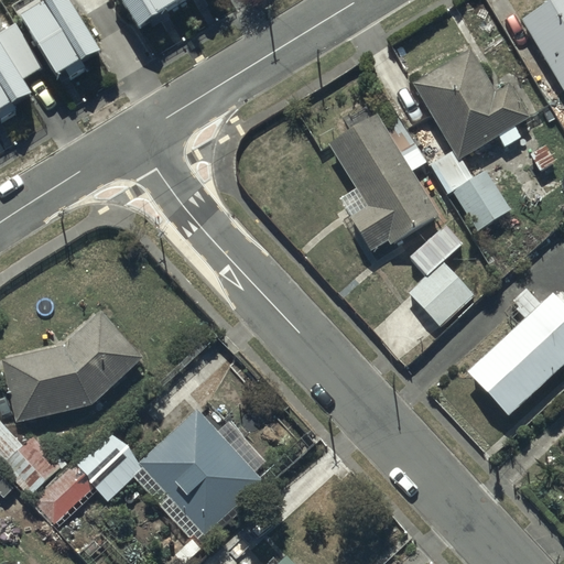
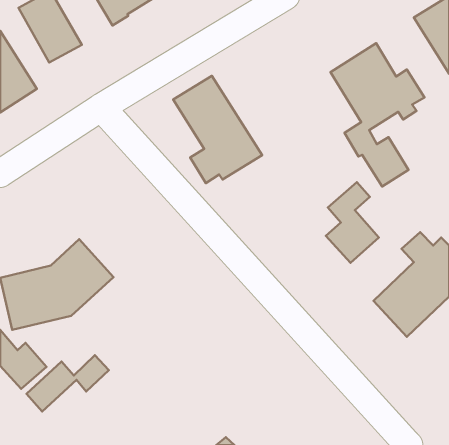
building: [326,117,437,251] -> [173,76,262,183]
building: [135,398,262,525] -> none

